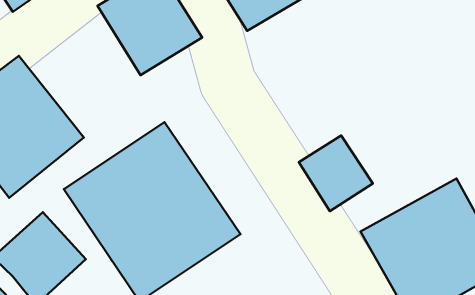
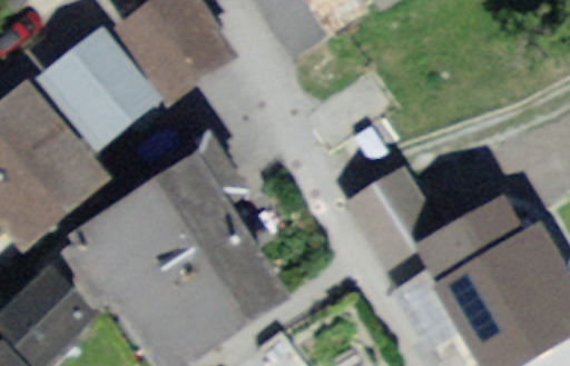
building: none -> [40,22,155,139]

